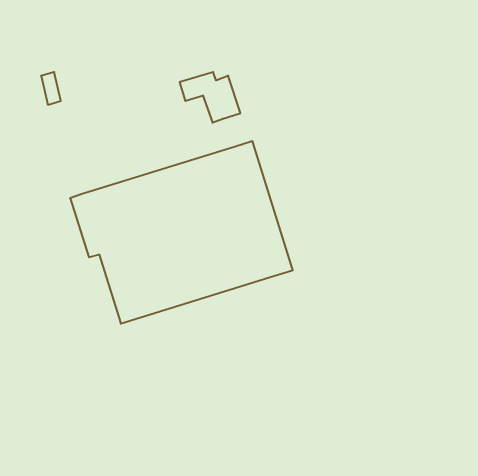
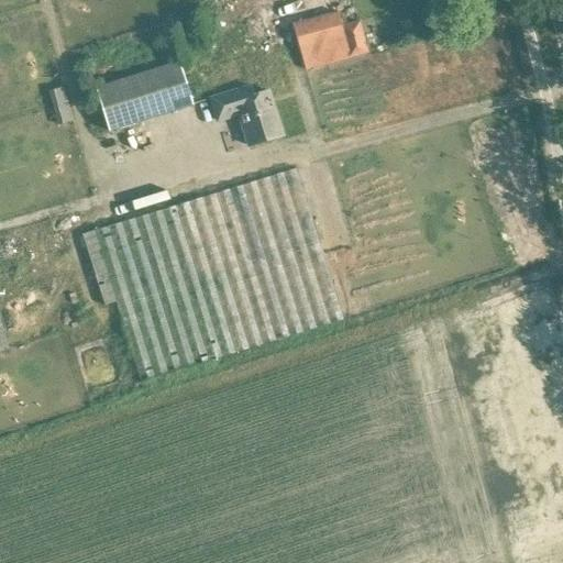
building: none -> [294,11,367,67]
building: none -> [96,60,194,131]

